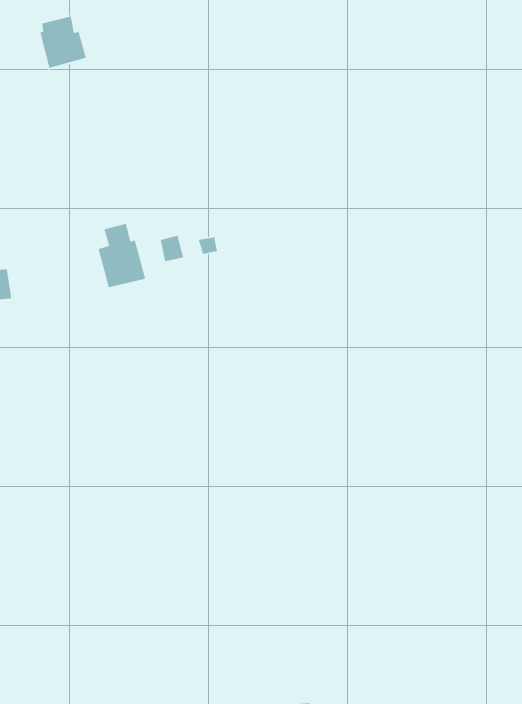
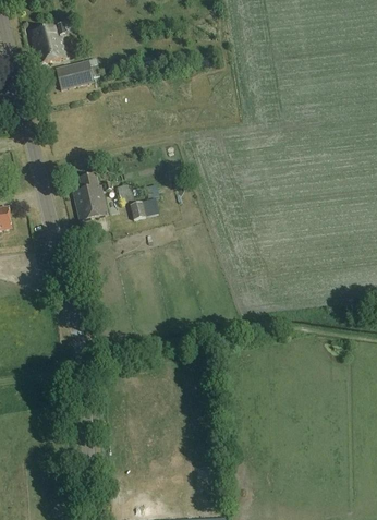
building: none -> [54,59,93,88]
building: none -> [129,197,159,219]

